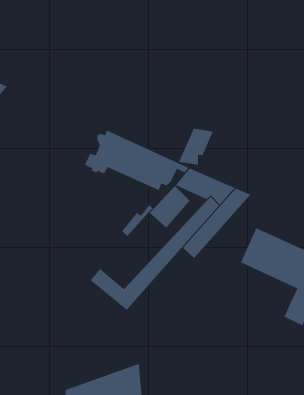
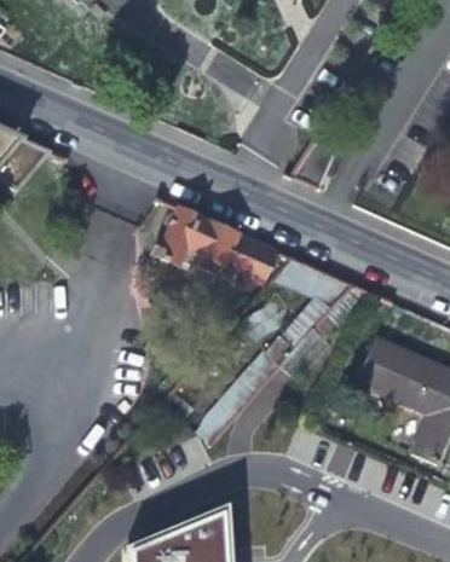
building: [178,128,213,166] -> none

